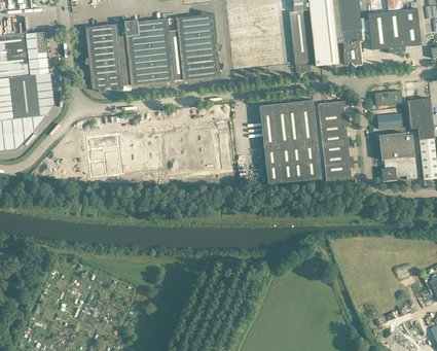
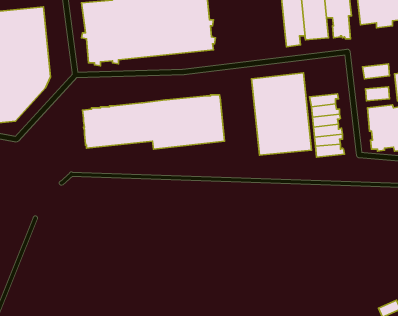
building: [318,100,349,124] -> none

